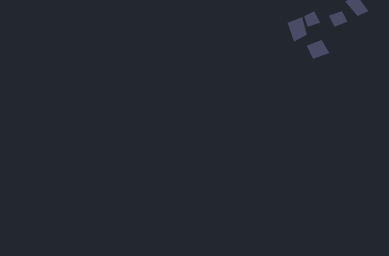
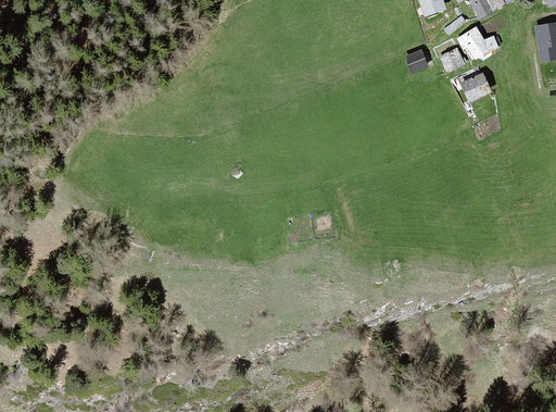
building: [287,16,308,43] -> none
building: [306,39,330,60] -> [460,74,493,101]

